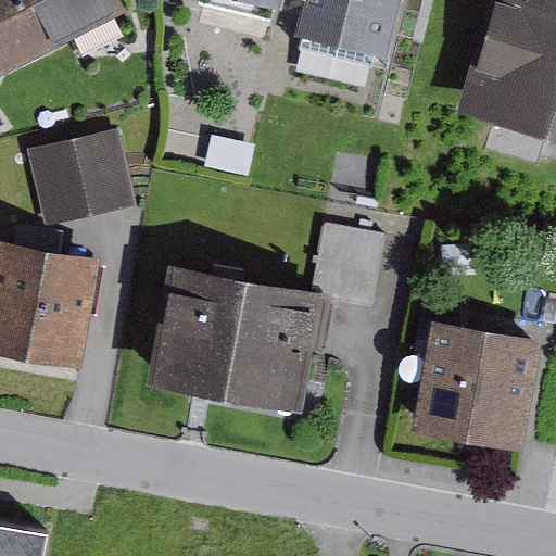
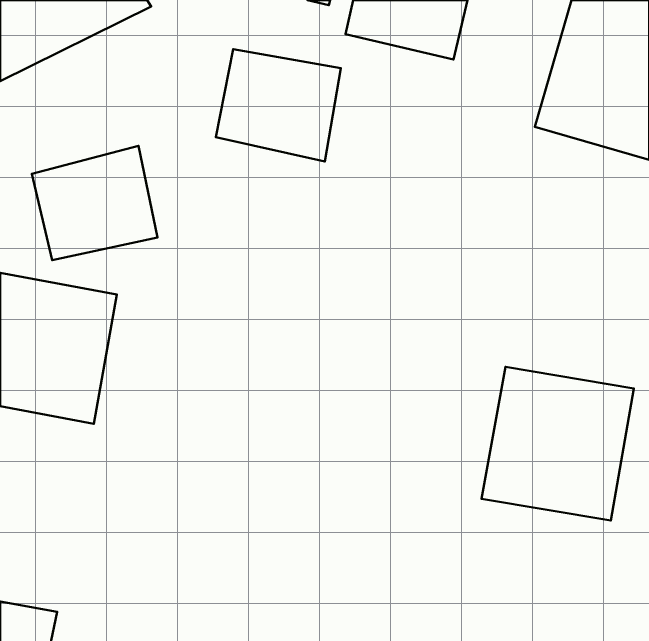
building: none -> [216,49,341,162]
building: [149,226,387,409] -> none

